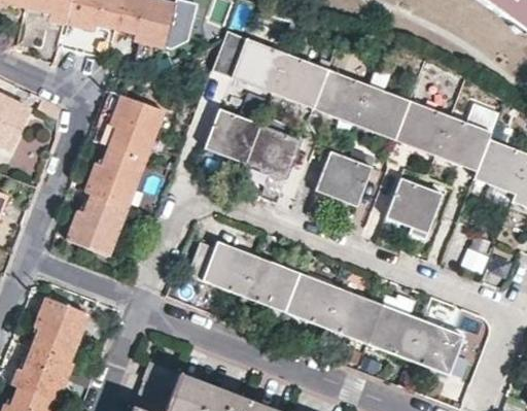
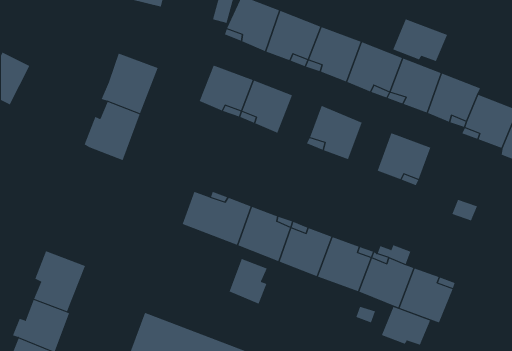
building: none -> [392,18,448,62]
building: [68,194,128,256] -> none
building: none -> [229,258,268,305]
building: none -> [381,306,431,346]

